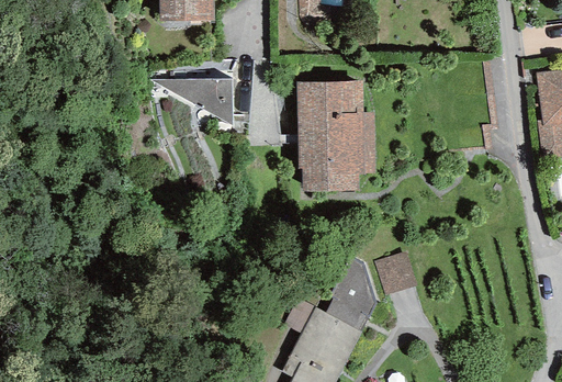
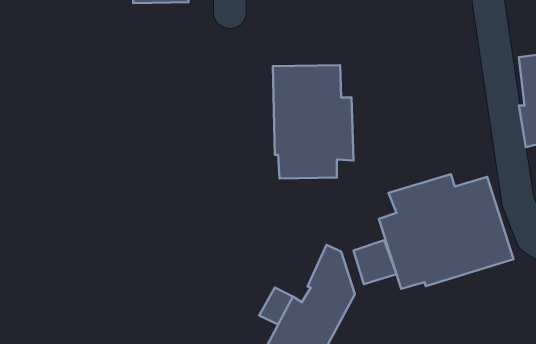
building: [150,78,234,125] -> none
building: none -> [379,174,513,289]

